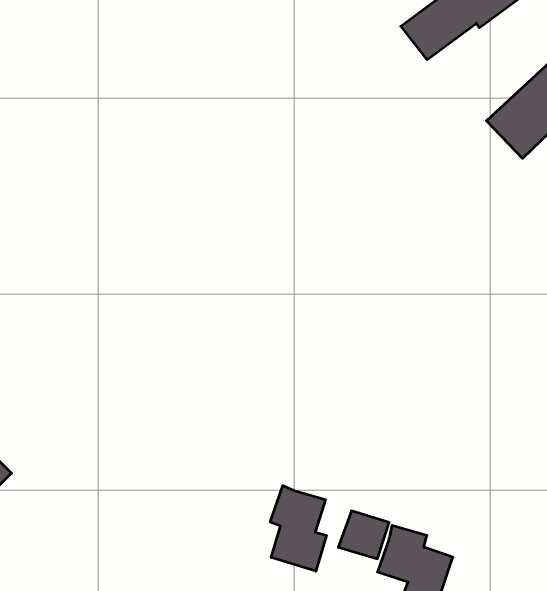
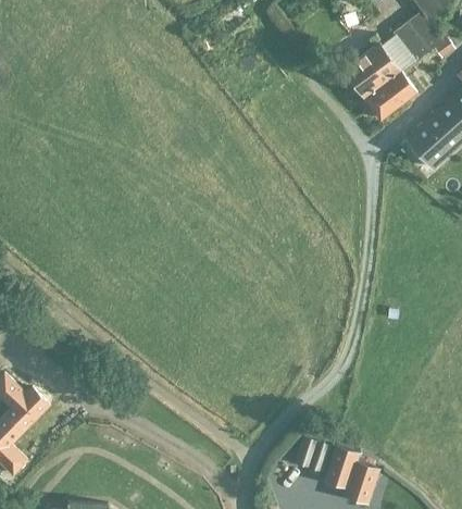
building: none -> [361,69,415,122]
building: [270,486,326,571] -> none

